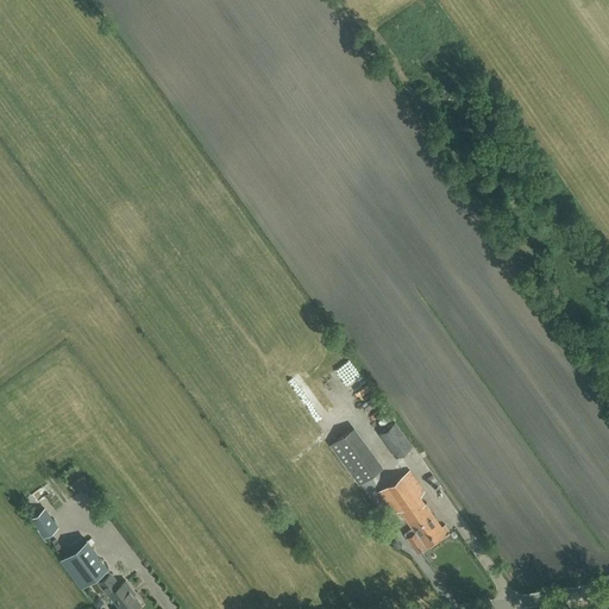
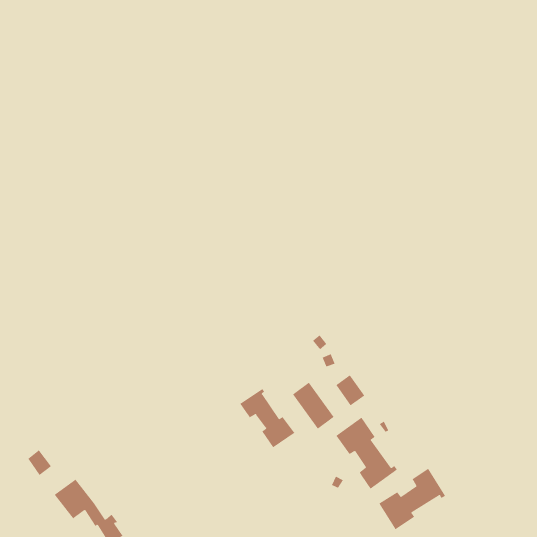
building: none -> [239,388,295,448]
building: none -> [378,468,446,530]

